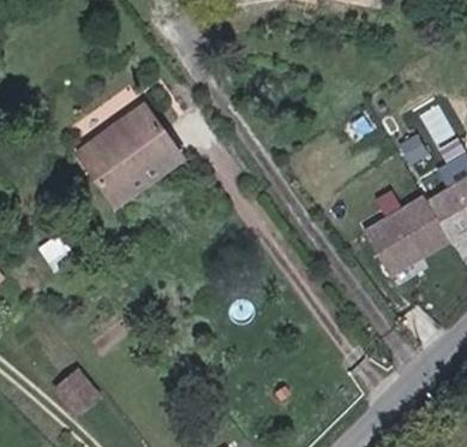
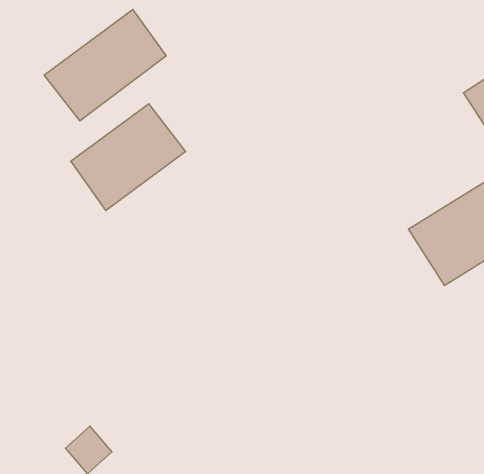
building: none -> [44,9,166,121]

